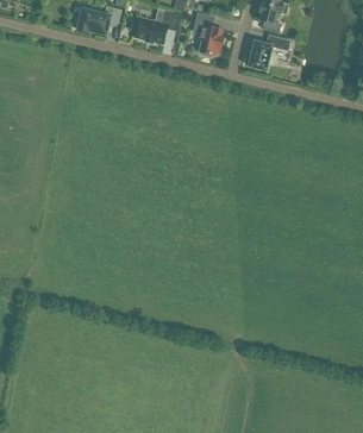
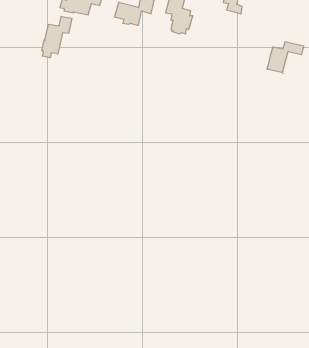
building: [248,34,289,70] -> [267,42,304,73]
building: none -> [42,16,72,58]

